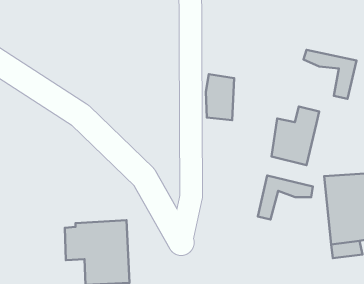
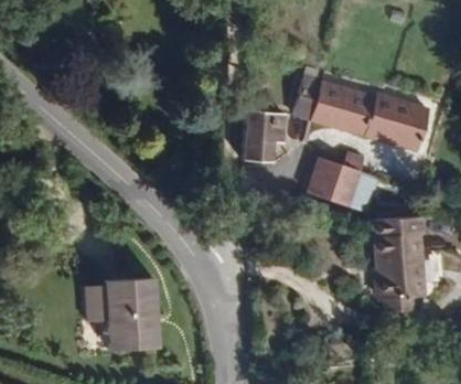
building: none -> [301,89,371,136]
building: [258,176,313,219] -> none

